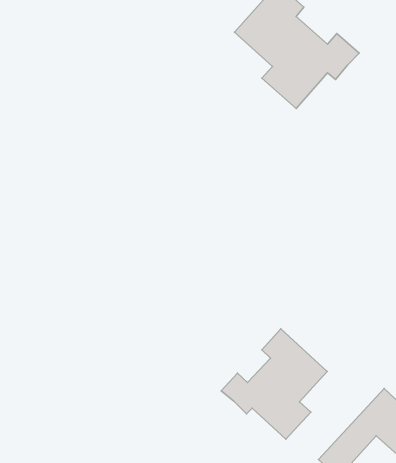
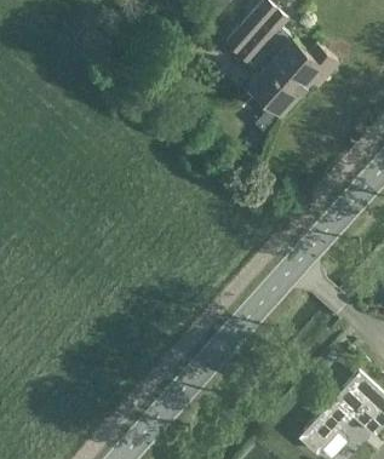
building: [221,329,327,439] -> none

